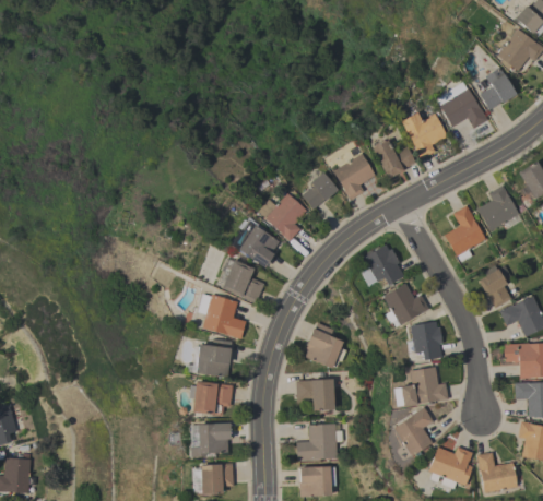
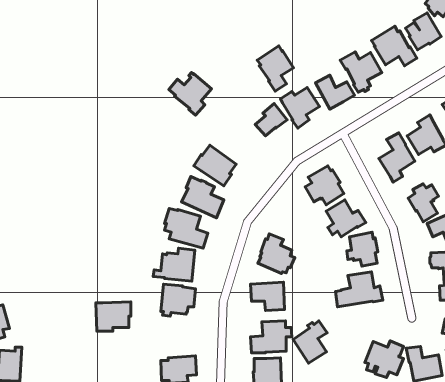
building: none -> [257,46,294,91]
building: [259,192,308,241] -> [169,73,211,115]
building: [394,407,434,456] -> [293,321,327,363]
building: [190,424,231,457] -> [96,302,131,331]

